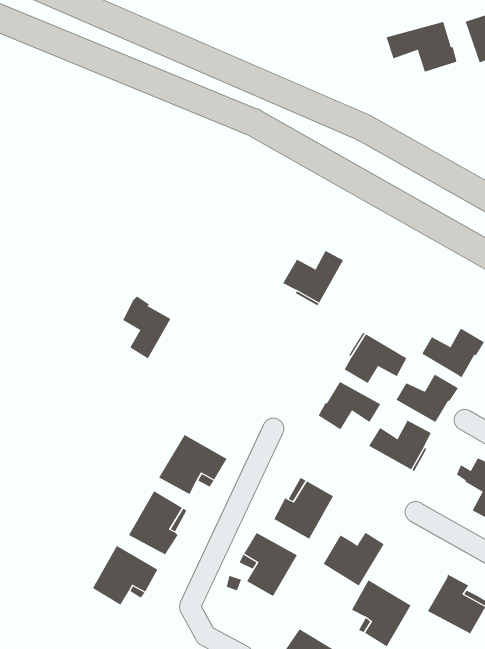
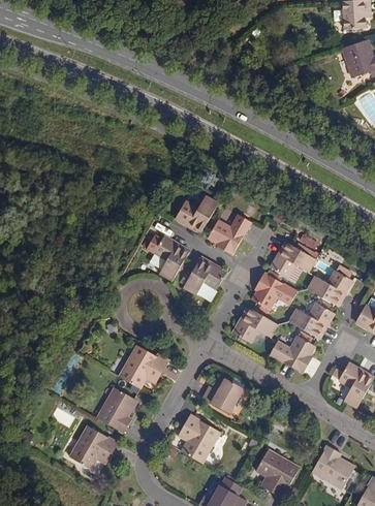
building: [386,21,457,73] -> none
building: none -> [175,194,218,231]
building: none -> [270,242,315,277]
building: [122,296,171,359] -> [153,234,188,280]
building: none -> [182,257,225,293]
building: [323,532,384,587] -> none

